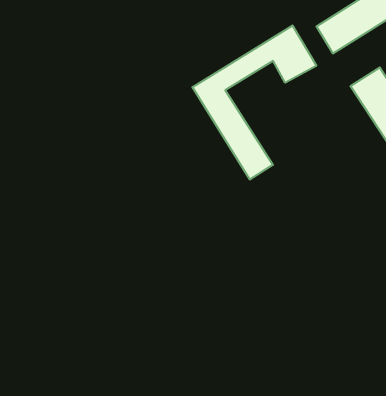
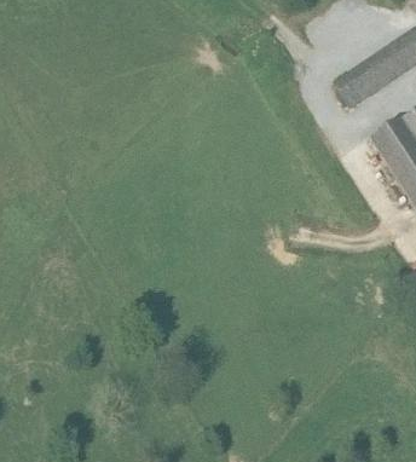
building: [192,25,316,180] -> none

